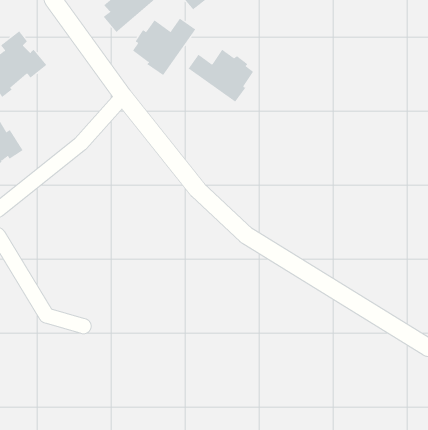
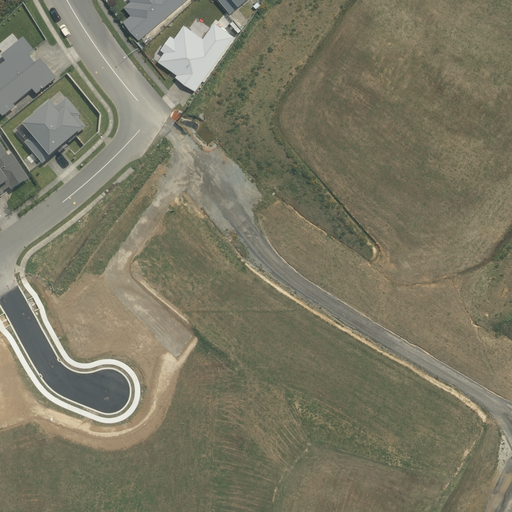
building: [188,49,254,103] -> none
building: none -> [16,97,85,163]

